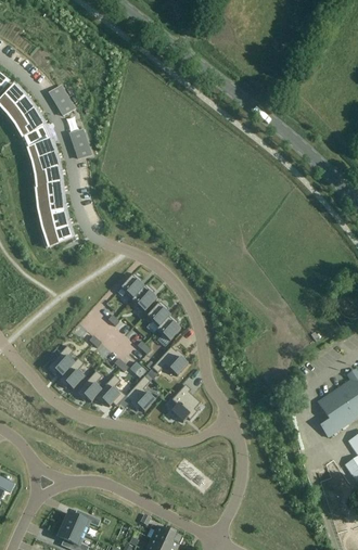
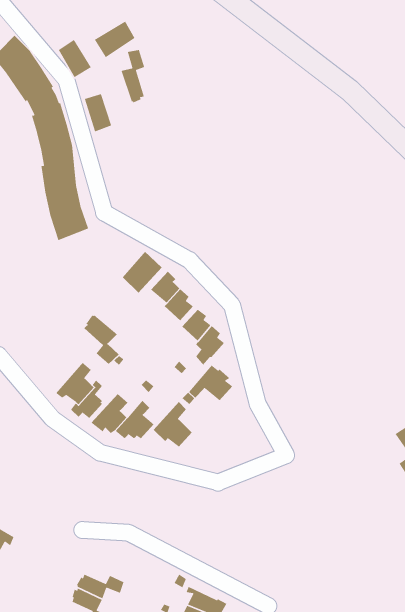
building: none -> [94,20,135,58]
building: none -> [120,49,145,104]
building: none -> [122,251,163,294]
building: none -> [83,314,120,365]
building: [170,384,201,422] -> none

